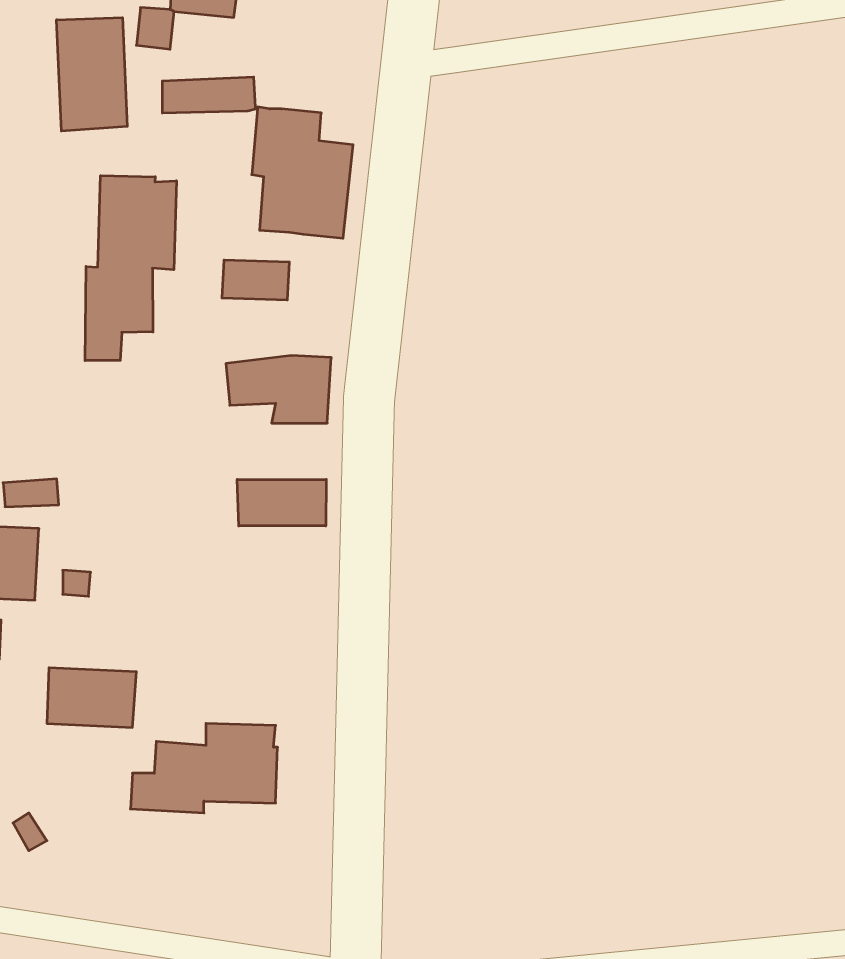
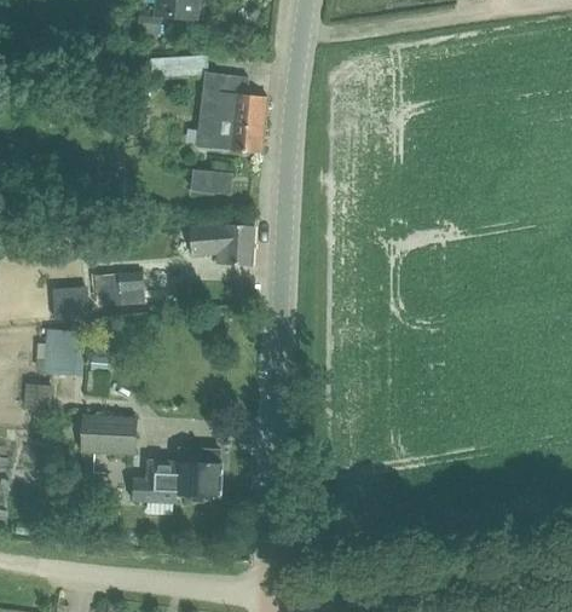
building: [57,18,127,131] -> none
building: [85,176,176,361] -> none
building: none -> [96,271,144,306]
building: [237,479,326,526] -> none

